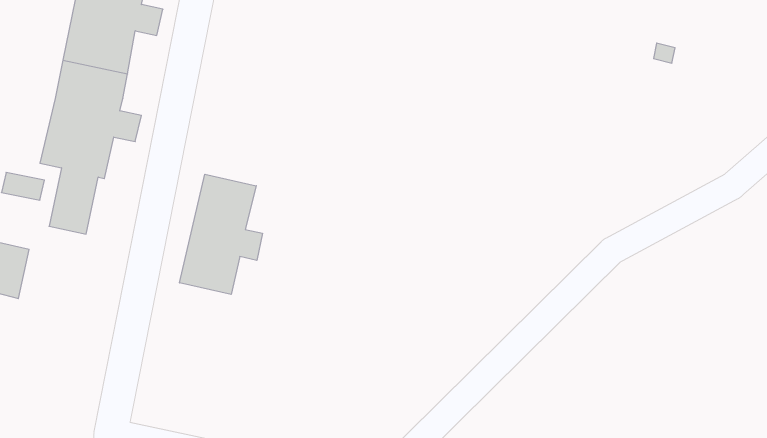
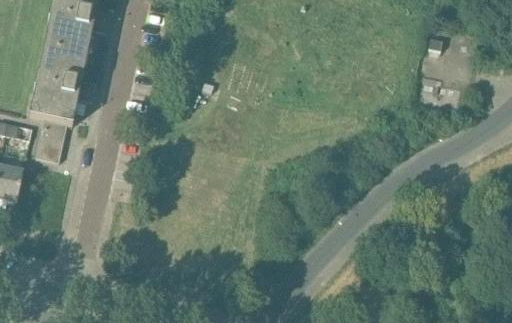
building: [180,174,262,294] -> none

